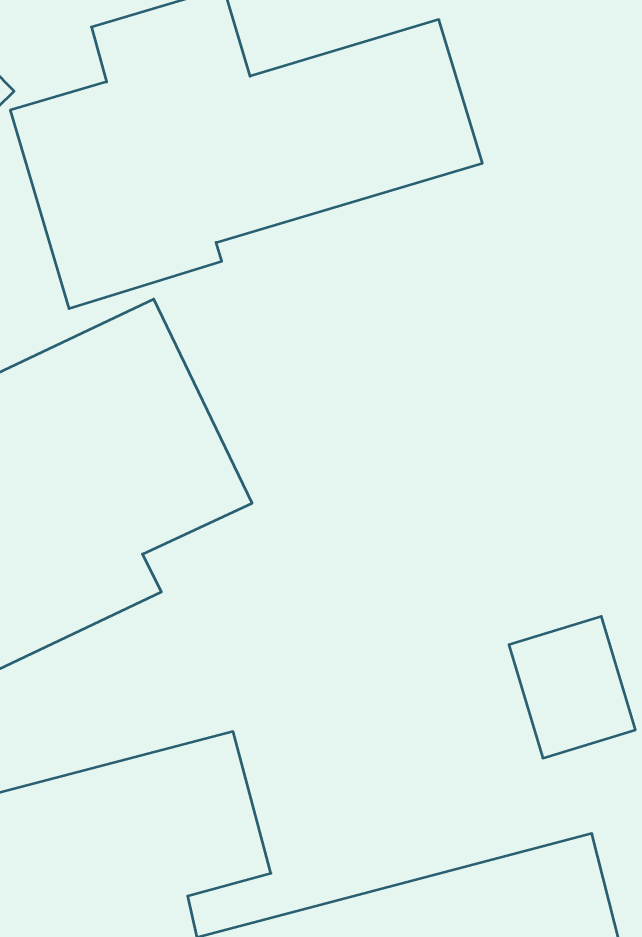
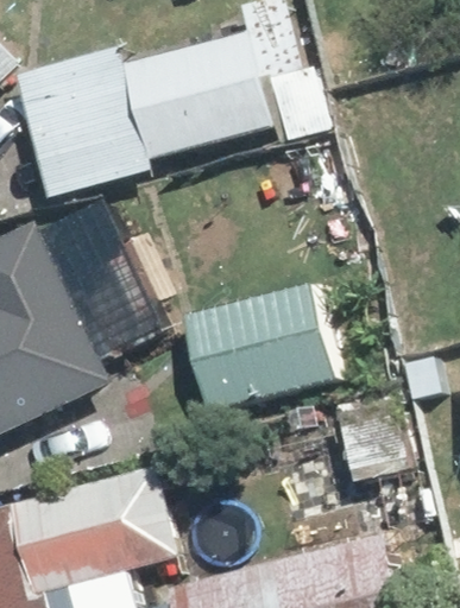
building: none -> [187,284,339,412]

